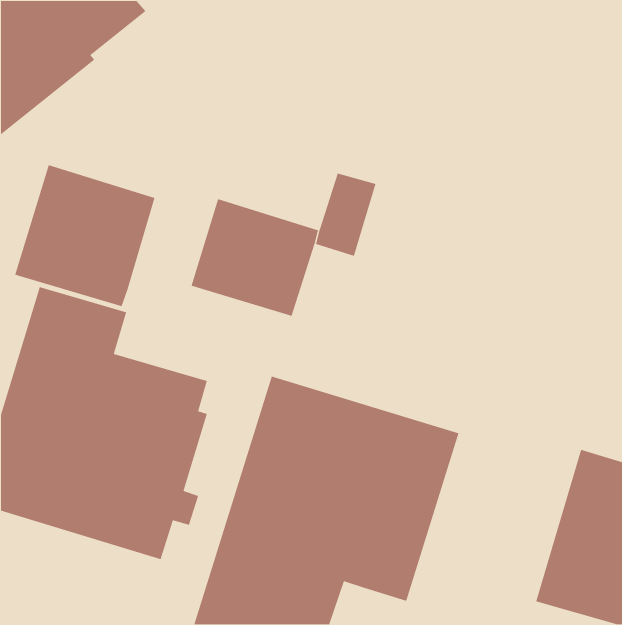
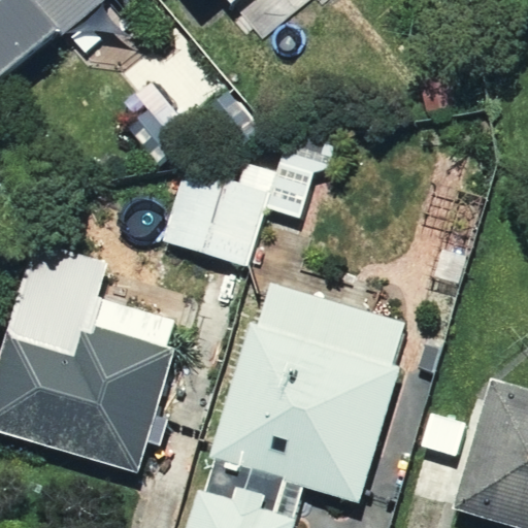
building: [14,164,155,307] -> none

